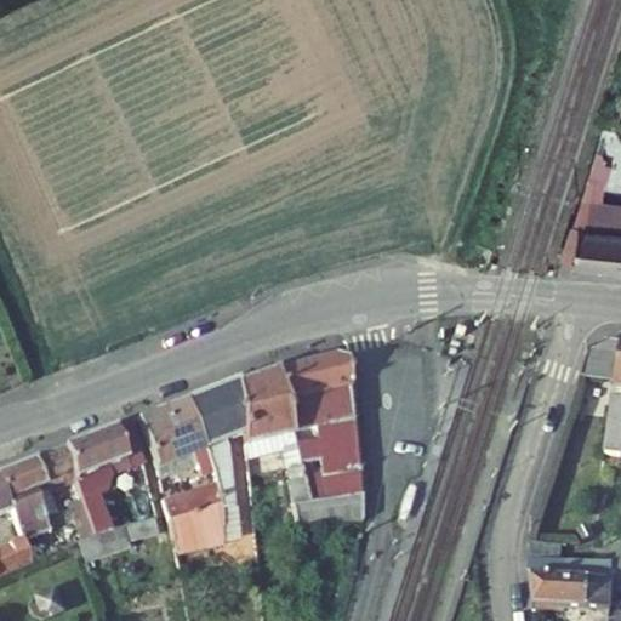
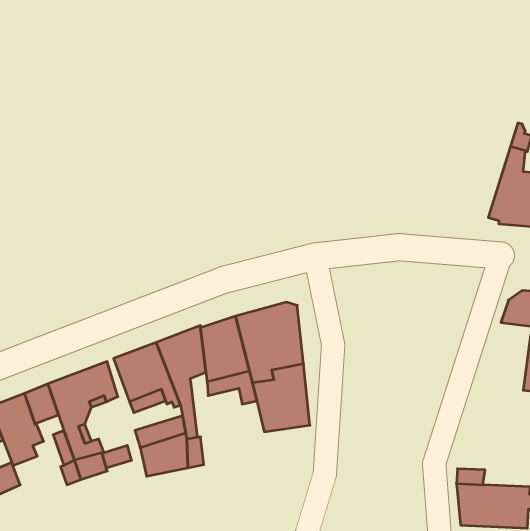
building: [286,463,364,526] -> none

